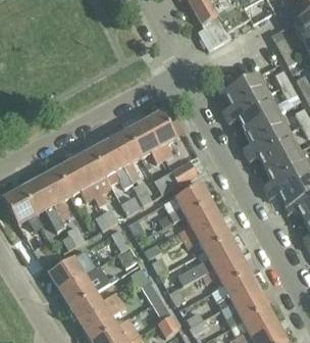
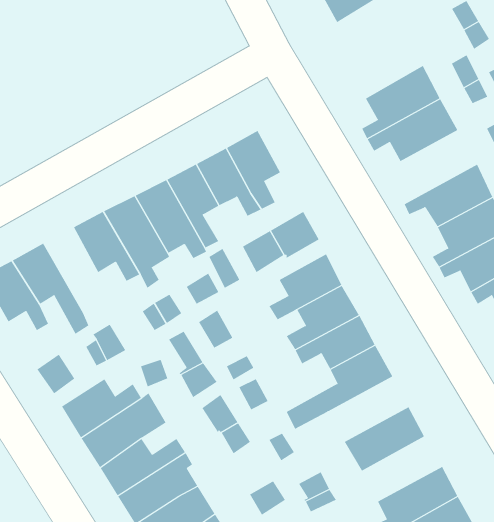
building: [243,111,290,154] -> none
building: [38,167,69,217] -> none
building: [203,254,250,292] -> none
building: [222,289,269,327] -> none

